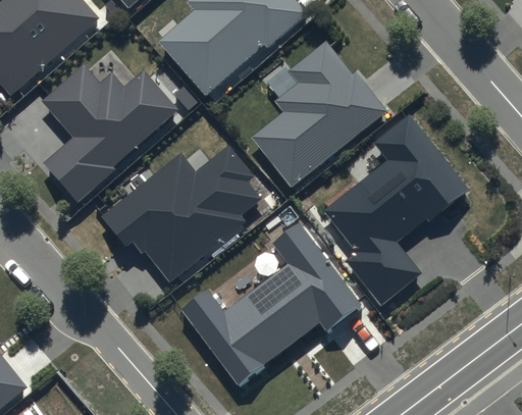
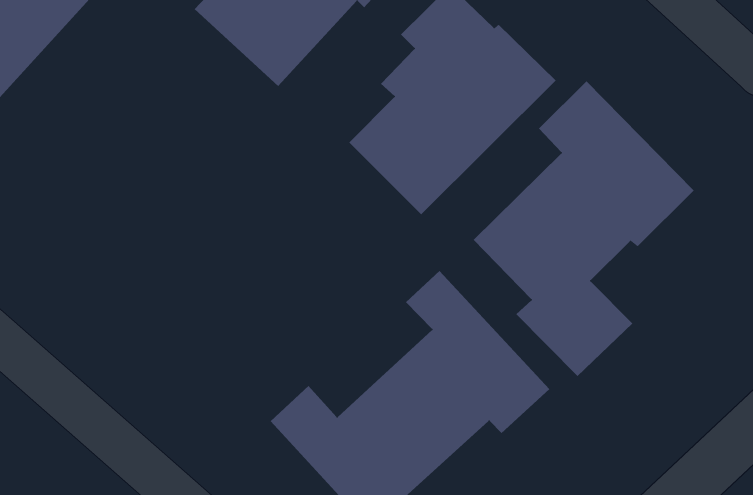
building: [43,64,179,200] -> none
building: [102,145,263,282] -> none

